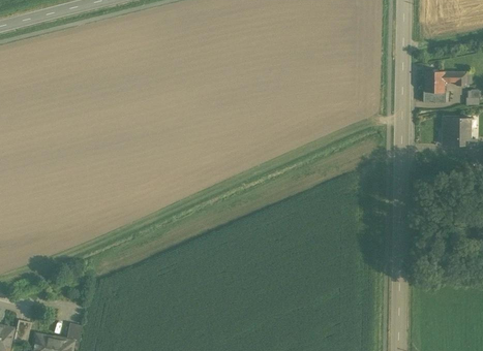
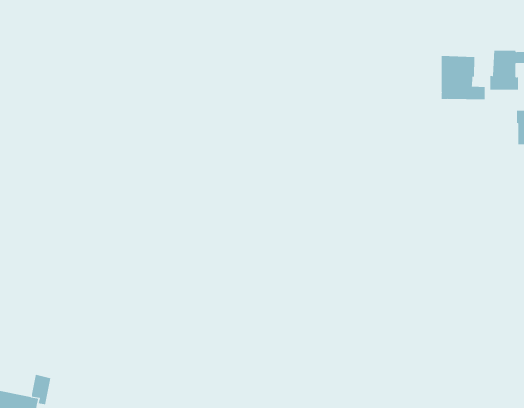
building: none -> [441,55,485,100]

